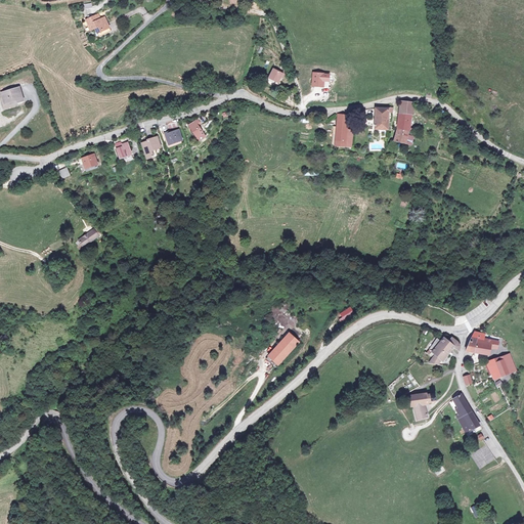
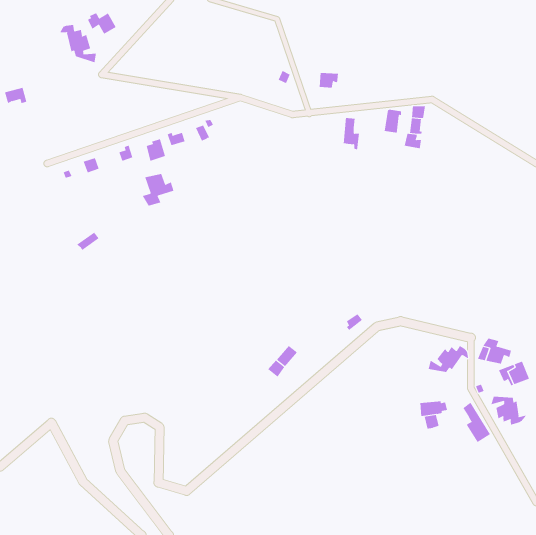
building: none -> [60,24,96,63]
building: none -> [142,173,174,206]
building: none -> [490,396,526,426]

